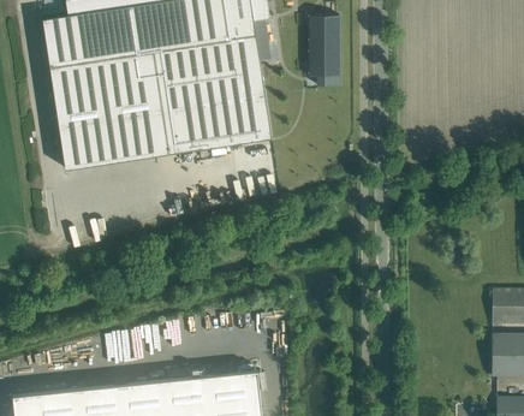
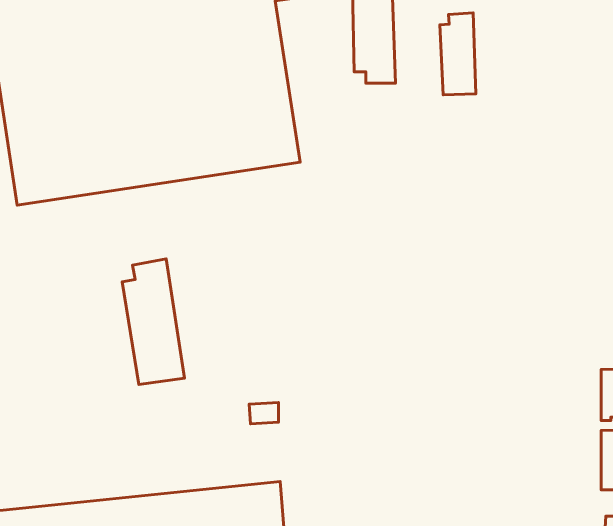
building: none -> [440,13,476,95]
building: none -> [122,259,184,385]

